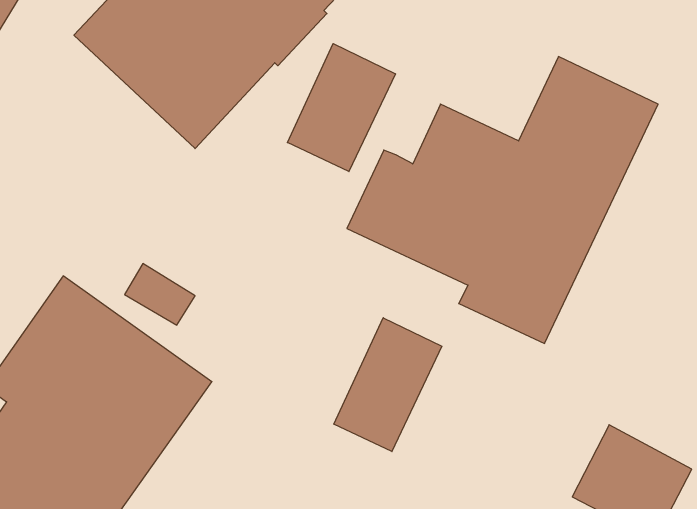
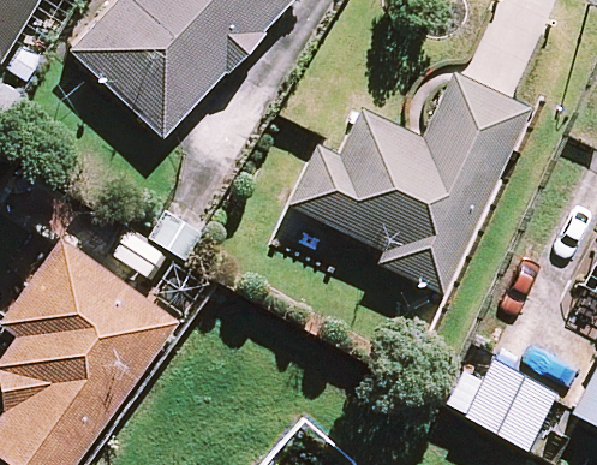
building: [287,44,395,172] -> none
building: [334,318,442,452] -> none

